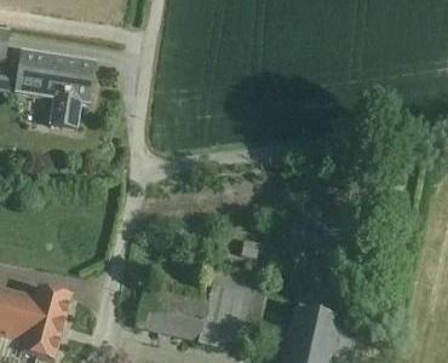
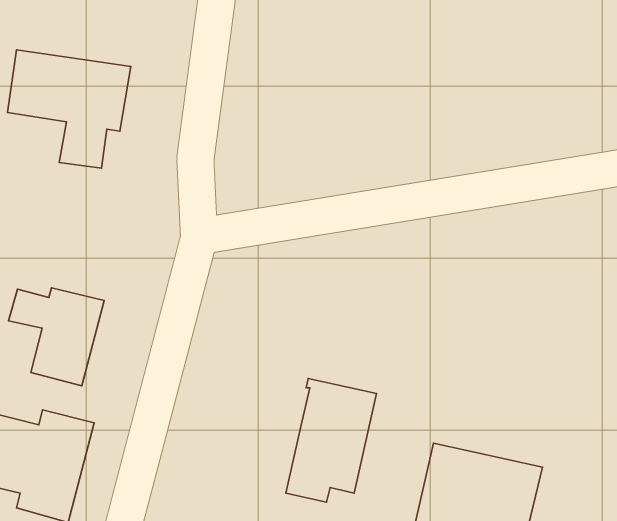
building: none -> [9,288,104,386]
building: [134,284,207,341] -> none

